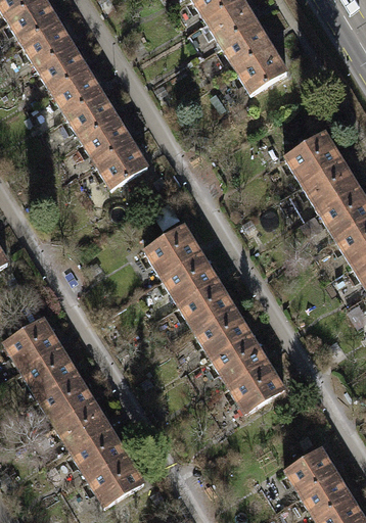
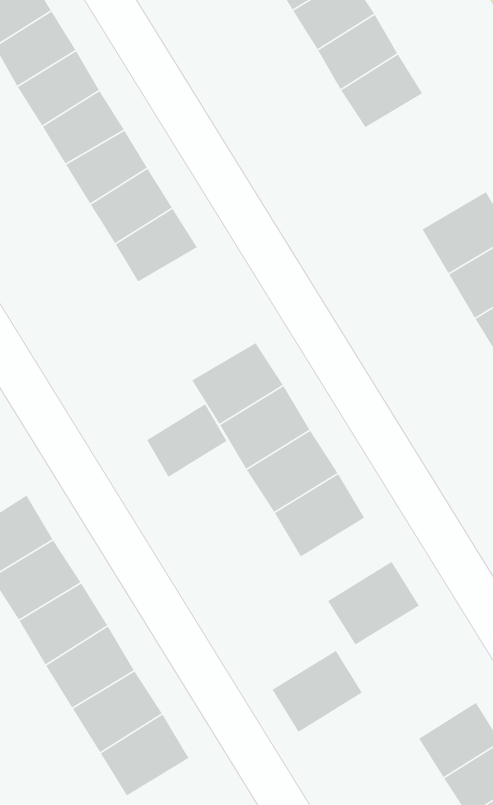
building: none -> [146,403,227,478]
building: [211,333,267,384] -> [272,650,363,733]

